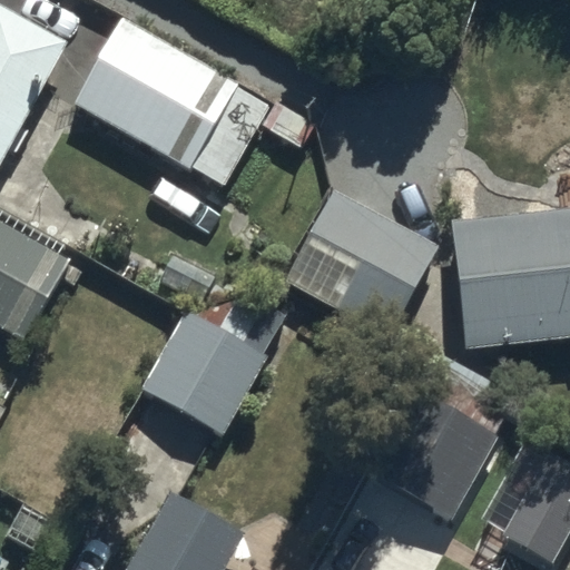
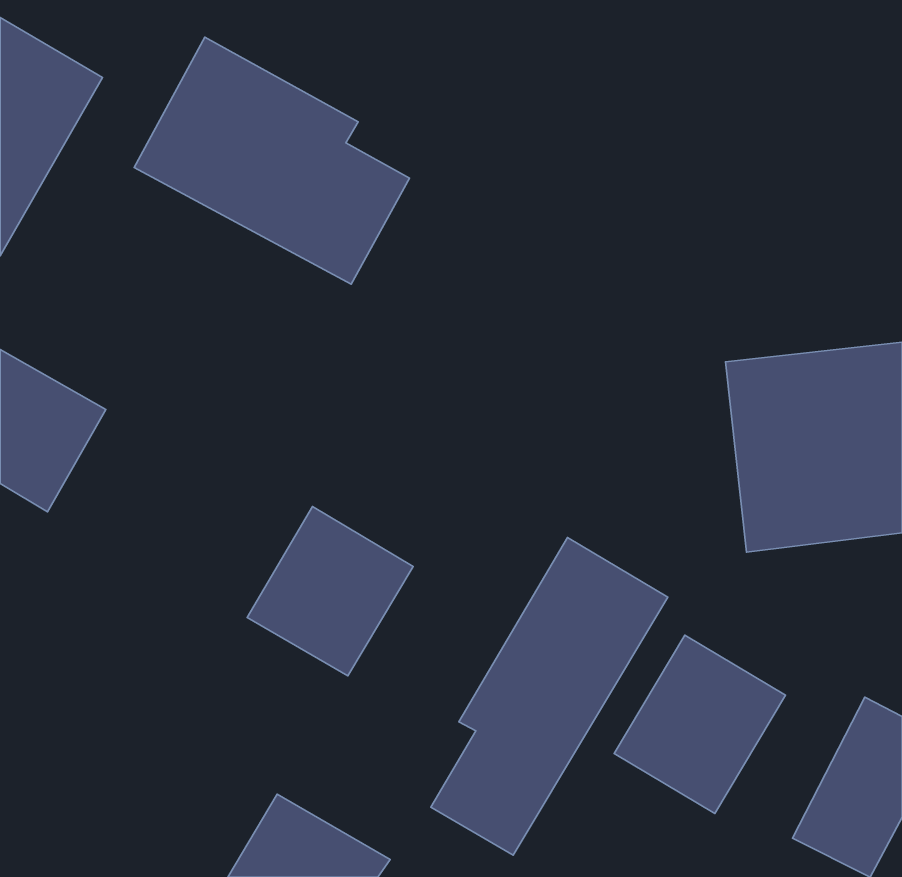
building: [296,198,429,321] -> none
building: none -> [431,537,668,855]

